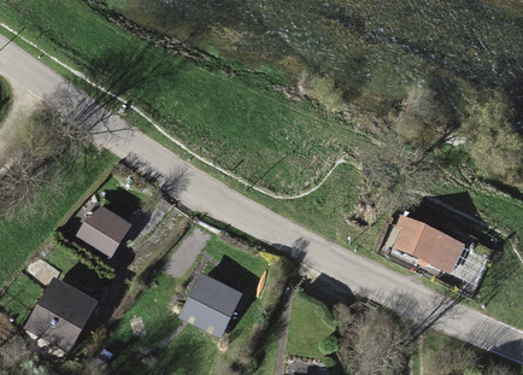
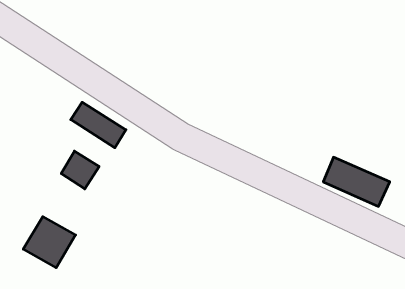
building: none -> [71,102,126,148]
building: [187,277,235,320] -> none

